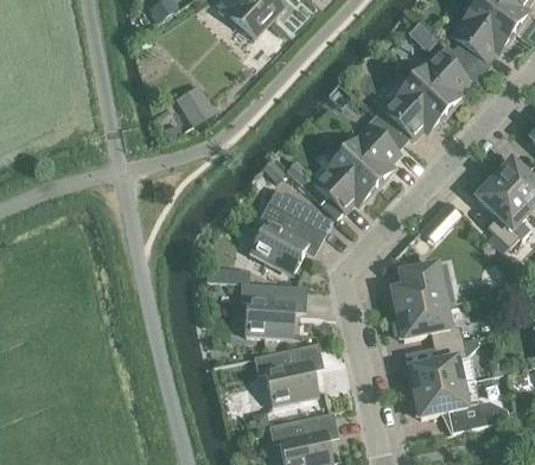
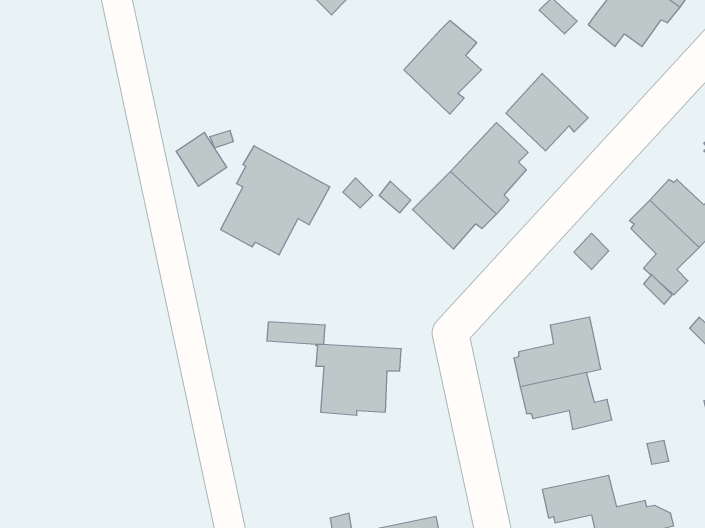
building: [412,44,470,114] -> [404,21,482,114]
building: [177,87,215,127] -> [176,132,227,186]
building: [250,190,332,272] -> [221,146,330,255]
building: [407,340,467,393] -> none
building: [255,344,321,406] -> none

